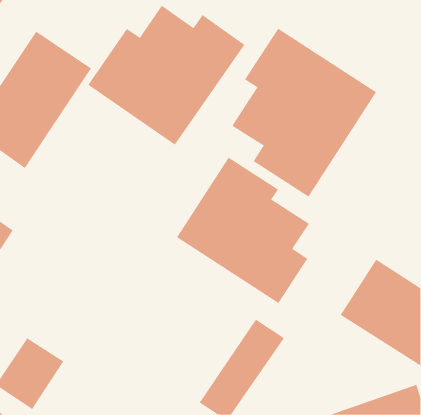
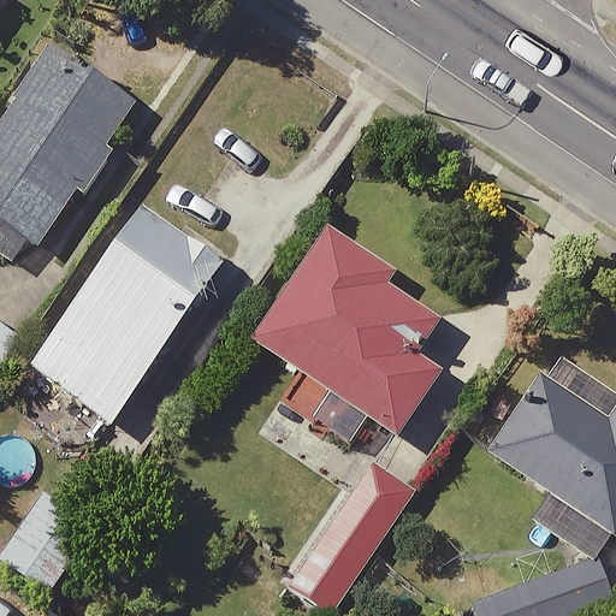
building: [87,5,245,145] -> none
building: [232,28,377,198] -> none
building: none -> [31,211,219,420]

